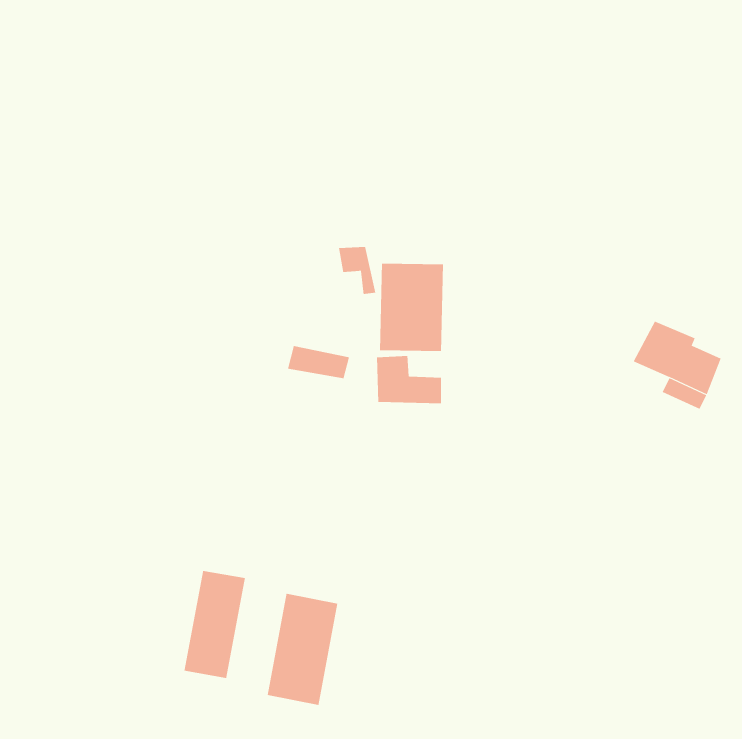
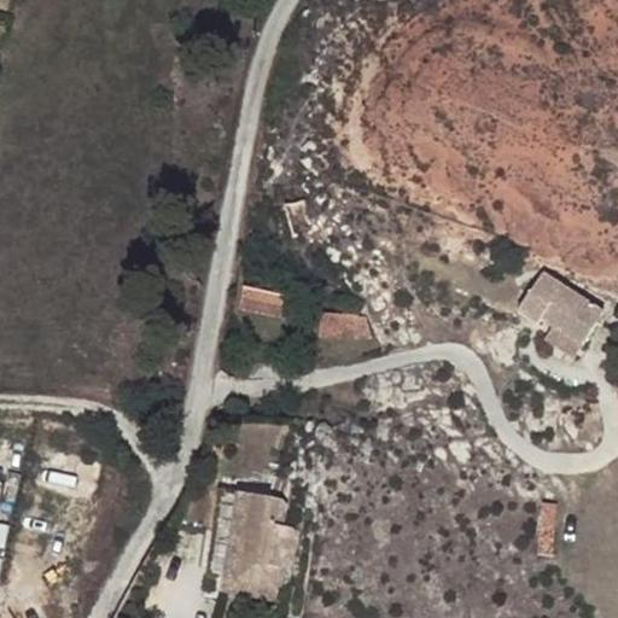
building: [380,263,444,352] -> none
building: [184,570,245,679] -> none

